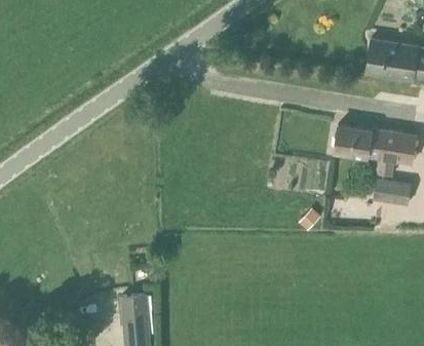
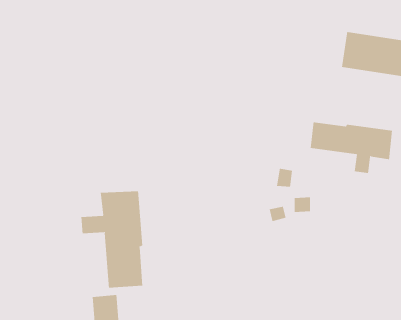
building: [374,179,411,204] -> none
building: none -> [81,190,143,288]

